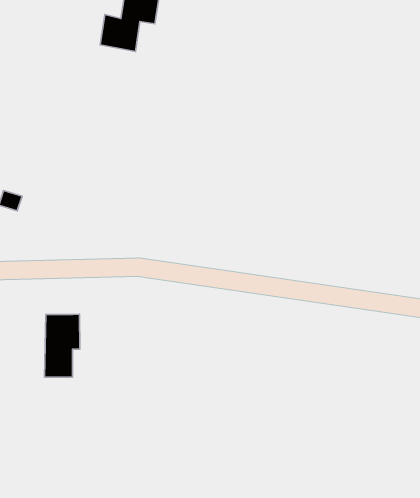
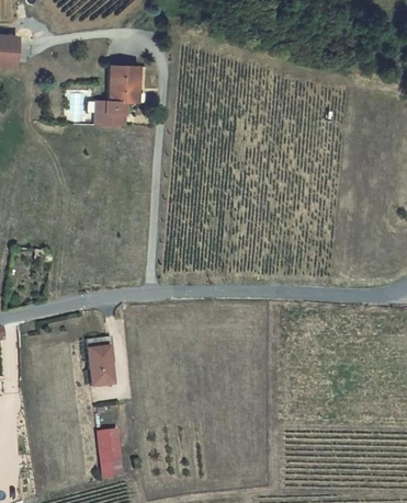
building: none -> [99,434,122,470]

